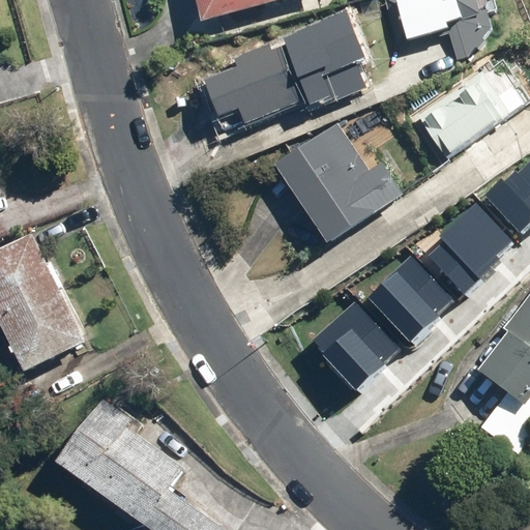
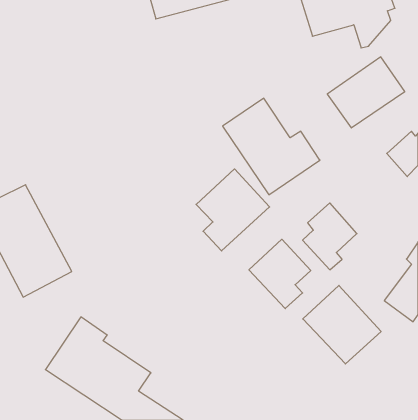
building: [207,14,362,128] -> none
building: [437,197,508,290] -> none
building: none -> [196,169,270,251]
building: none -> [303,285,381,364]

